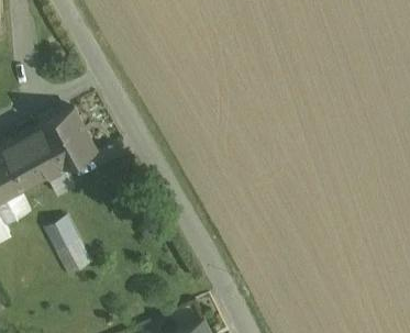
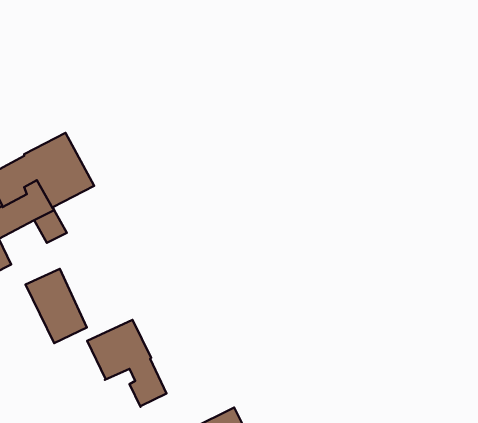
building: none -> [87,320,166,407]

